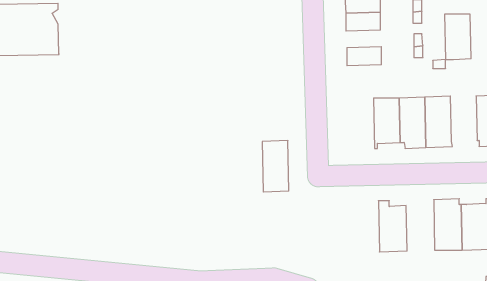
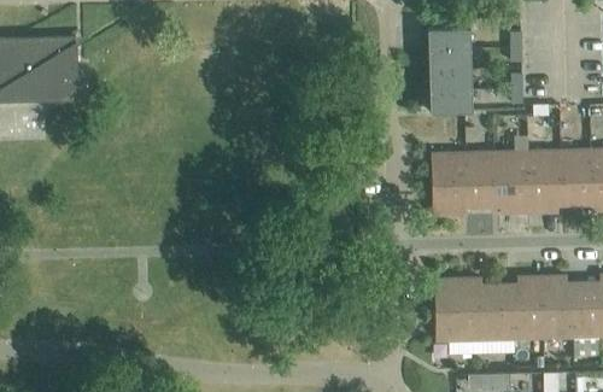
building: [445,14,471,60] -> [557,150,590,205]
building: none -> [429,69,473,90]
building: [262,141,289,192] -> [432,152,464,215]
building: none -> [503,276,538,339]
building: none -> [435,277,470,340]

